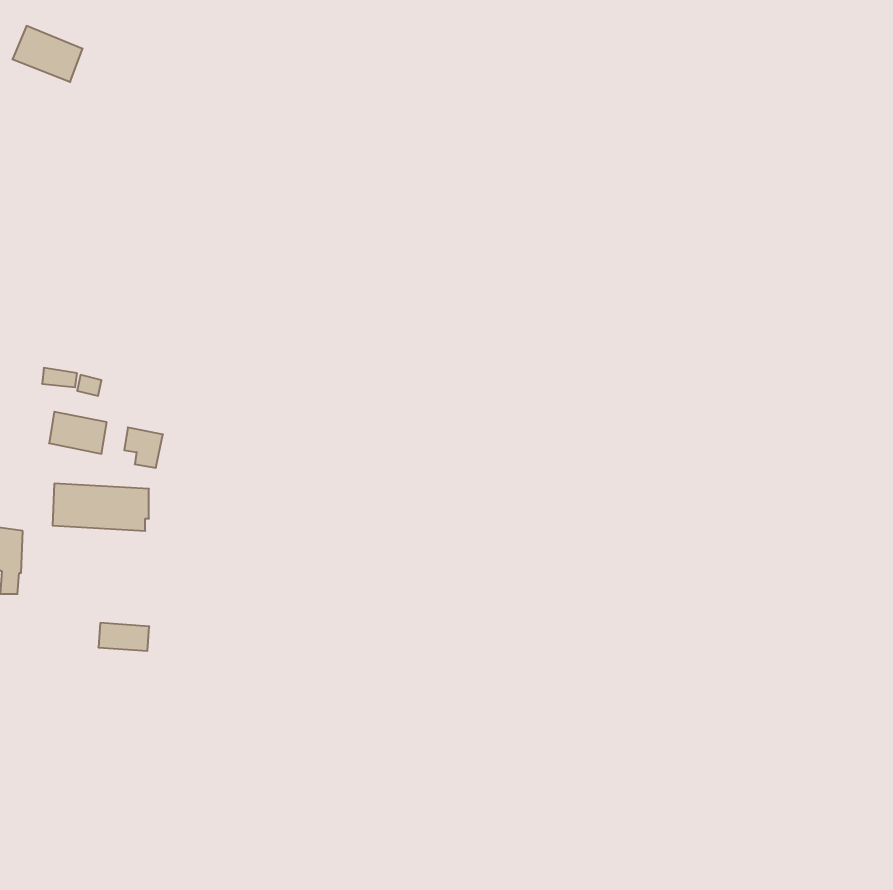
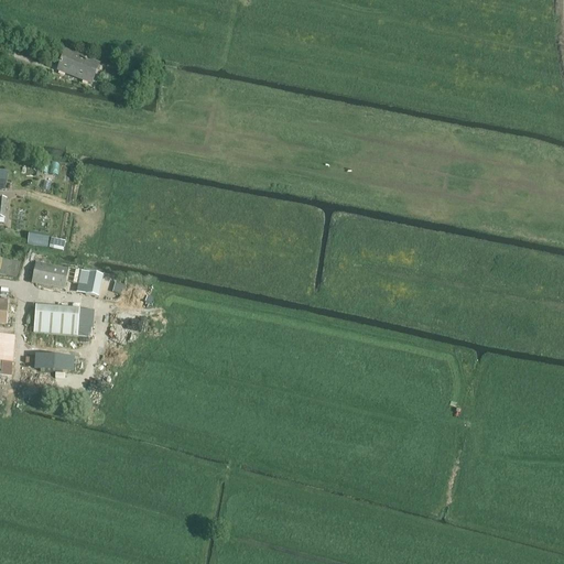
building: [12,26,83,82] -> [55,47,99,83]
building: [98,623,149,651] -> [37,354,69,371]

